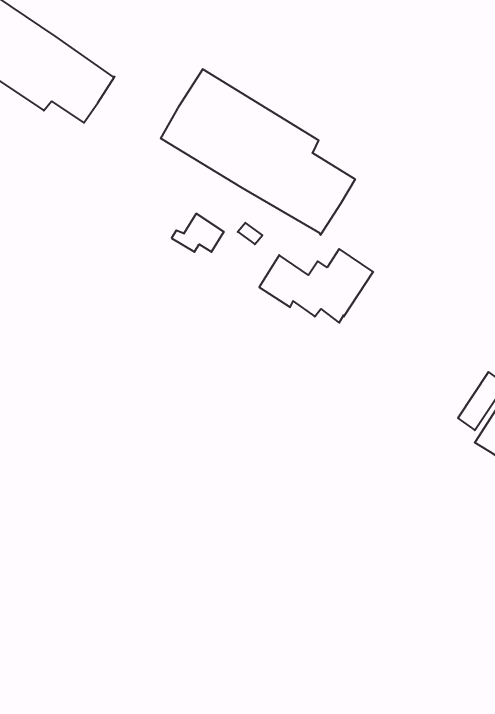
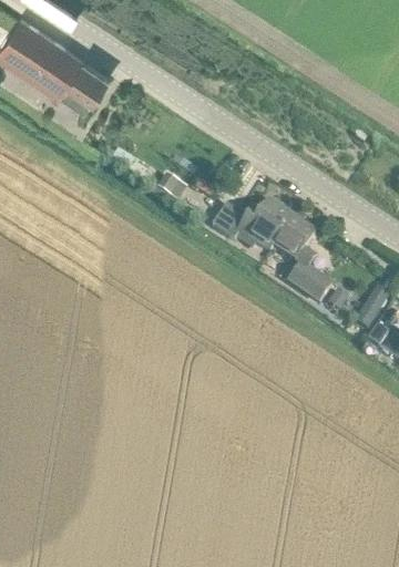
building: [161,69,355,235] -> none
building: none -> [273,217,331,305]

